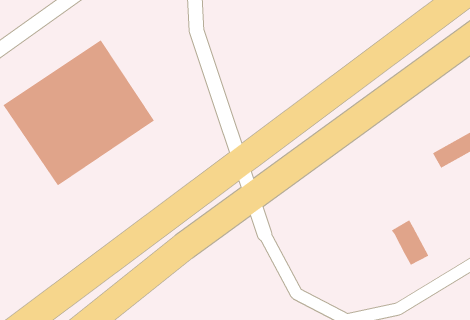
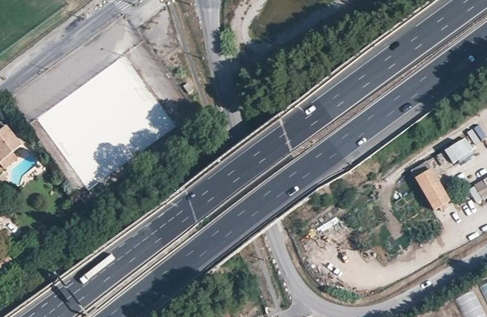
building: [391,220,429,266] -> [415,167,450,209]

